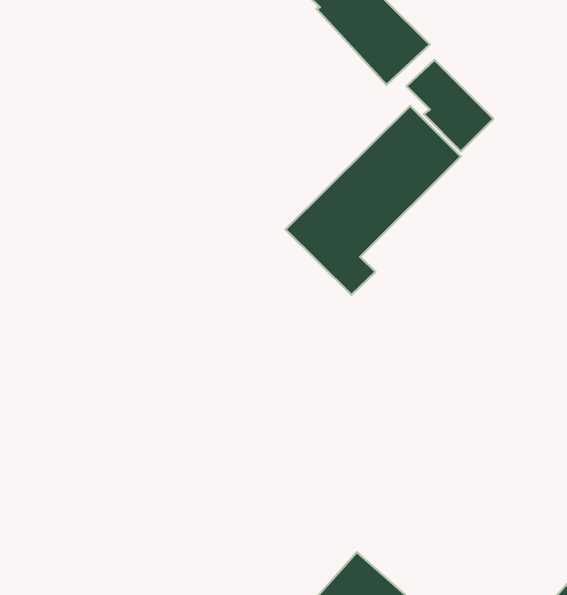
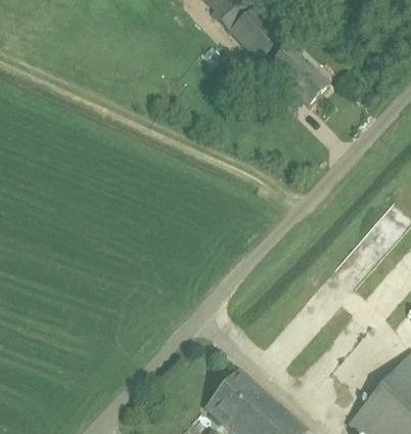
building: [286,106,461,295] -> none

